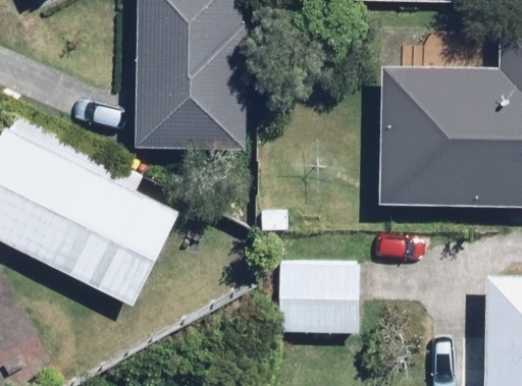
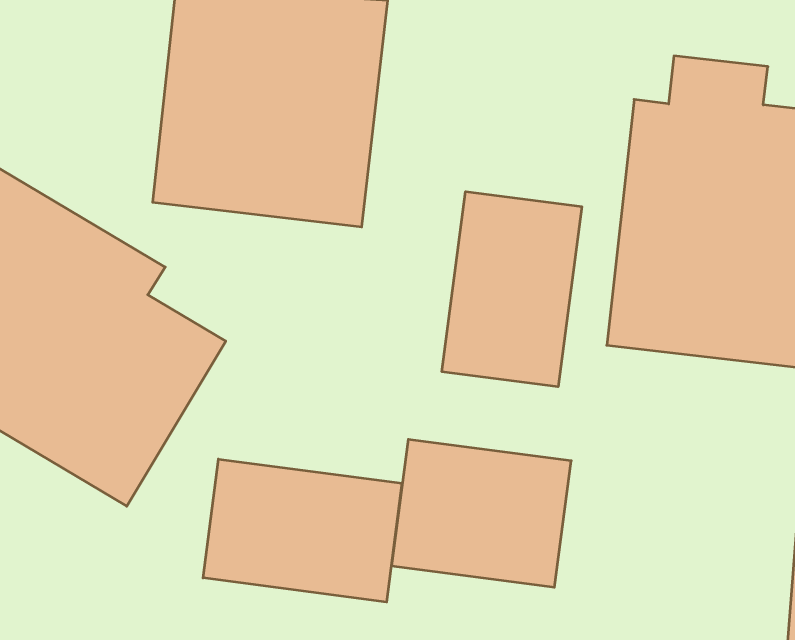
building: none -> [442,192,582,387]
building: none -> [203,459,402,602]

